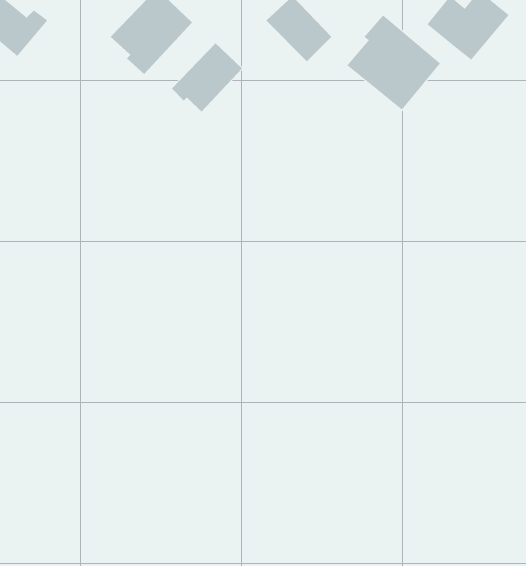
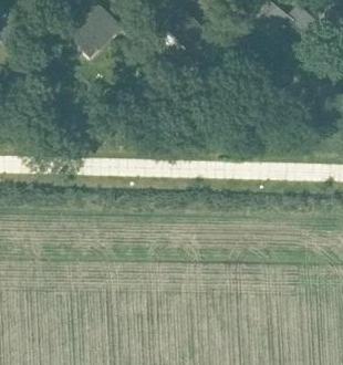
building: [346,14,441,111] -> none
building: [171,42,243,113] -> none

